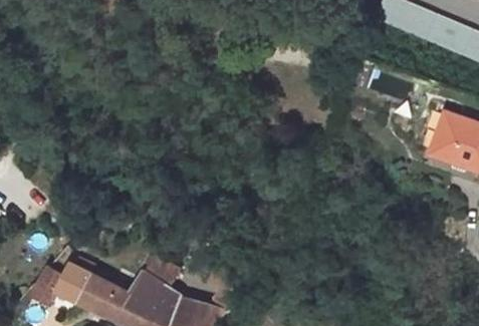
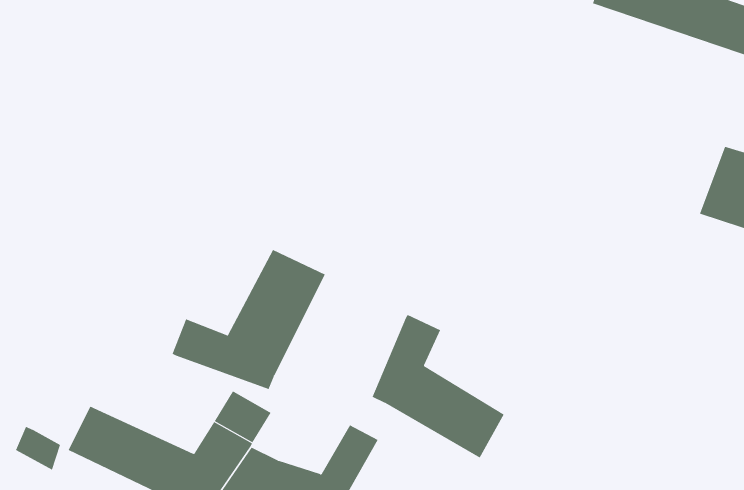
building: none -> [172,249,325,390]
building: none -> [372,314,505,459]

